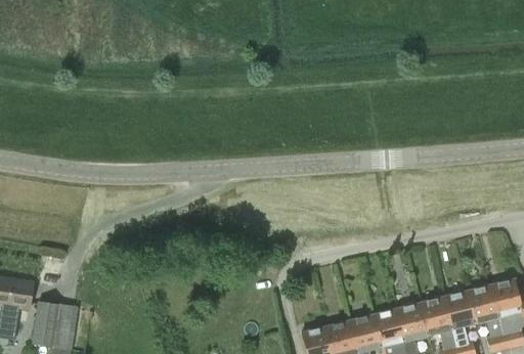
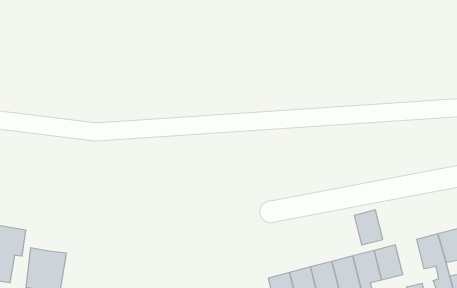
building: [442,291,474,329] -> [354,210,383,245]

